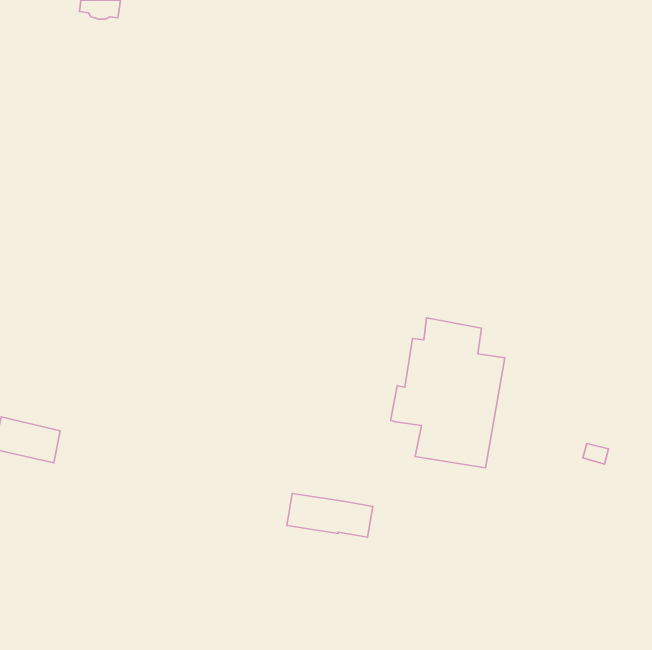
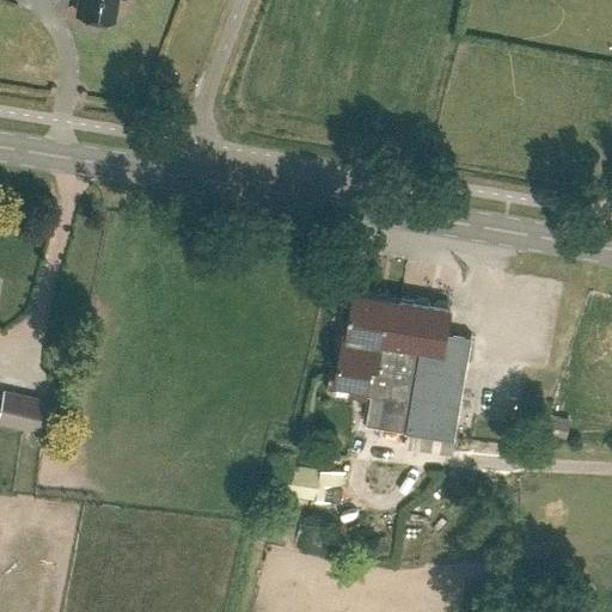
building: none -> [335,293,398,396]
building: none -> [365,398,393,430]

